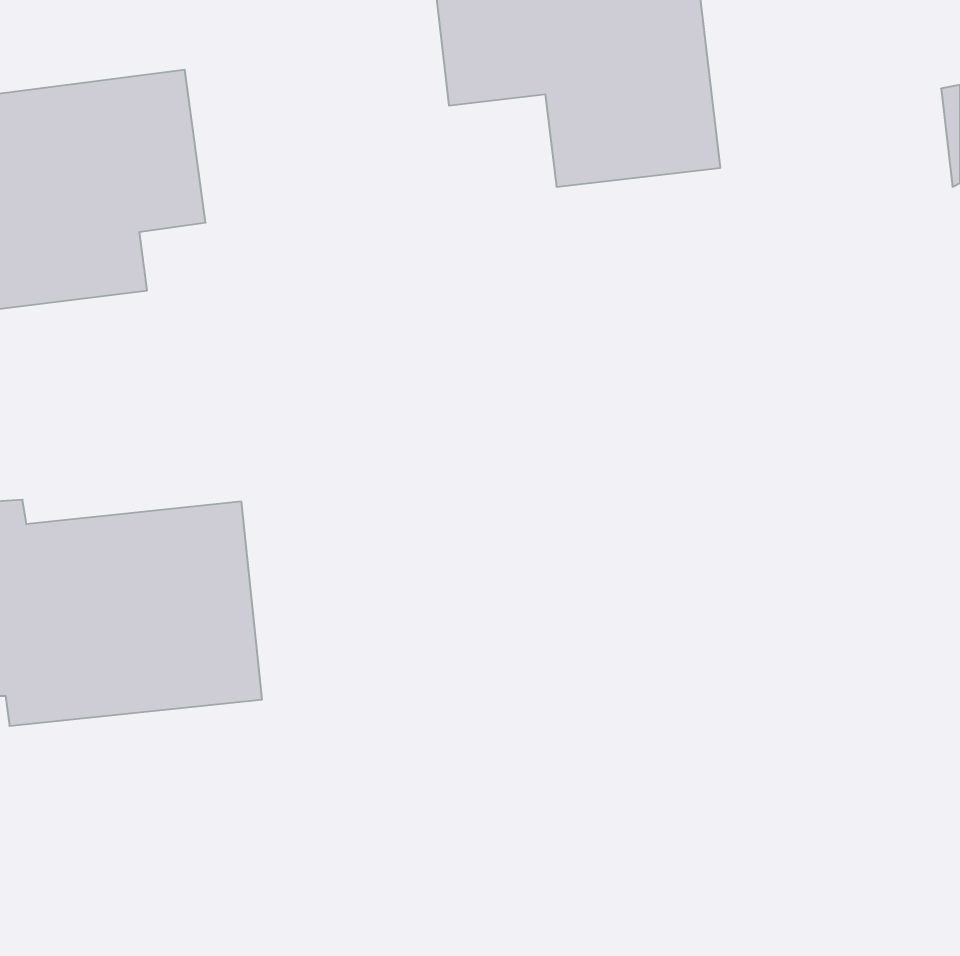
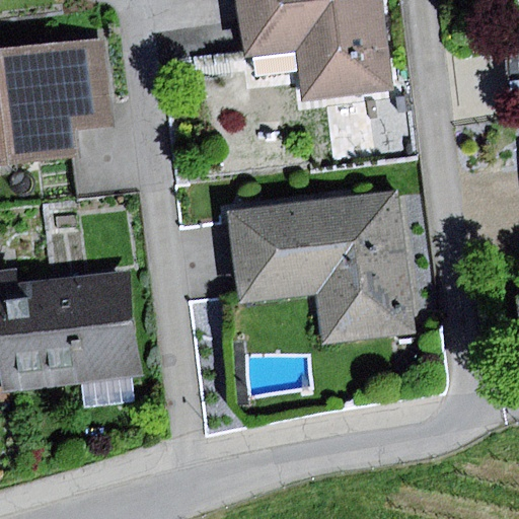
building: none -> [229,191,415,345]

